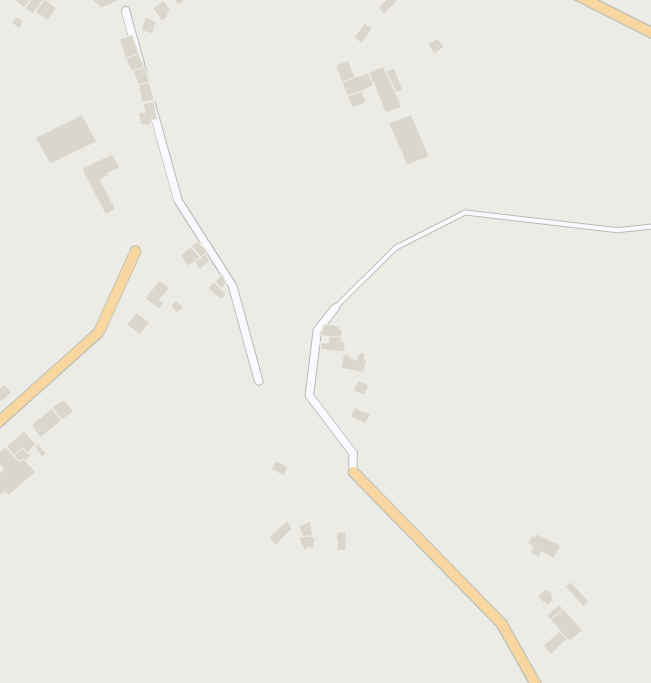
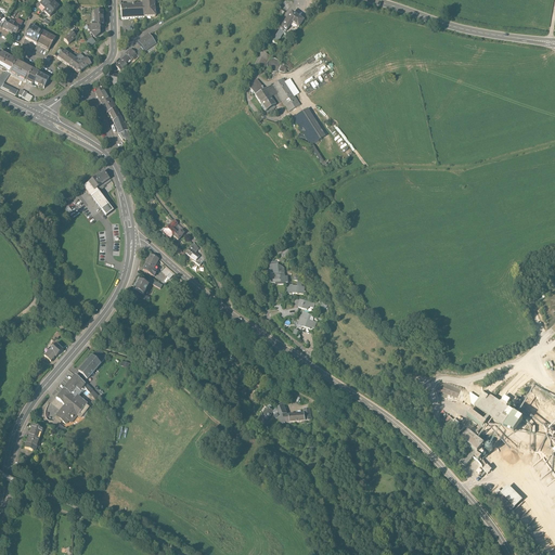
building: [35,114,97,165] -> none
building: none -> [476,397,522,433]

